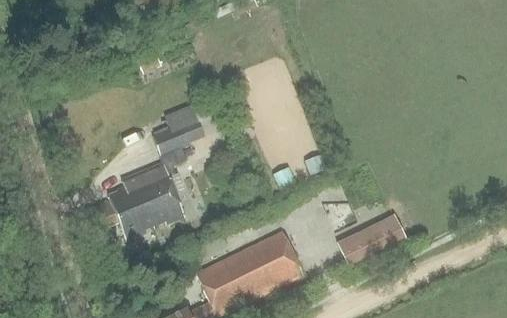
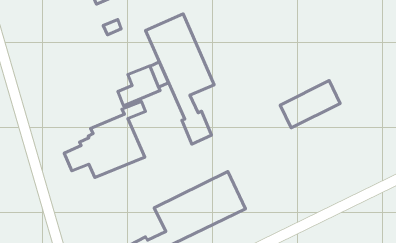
building: none -> [145,14,214,144]
building: [337,213,408,269] -> [280,81,340,128]

